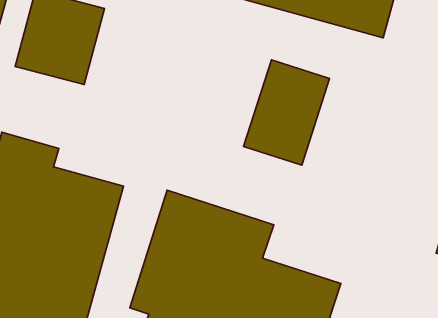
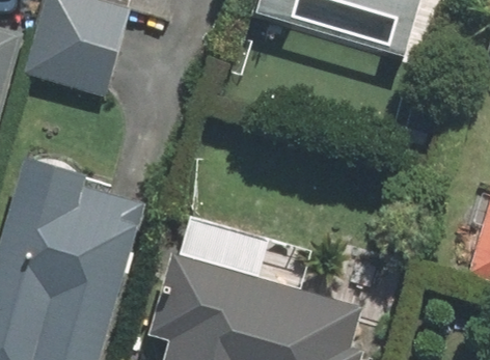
building: [243,60,330,165] -> none

